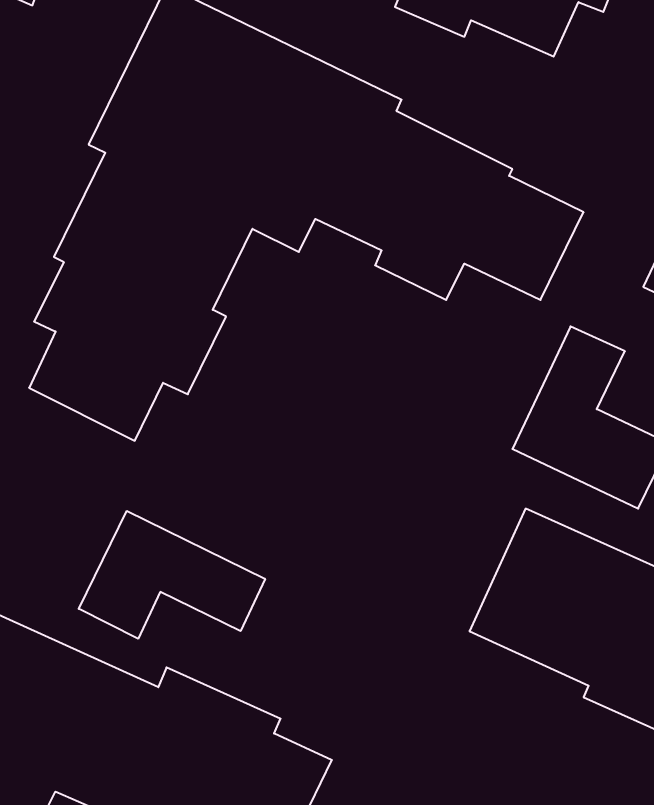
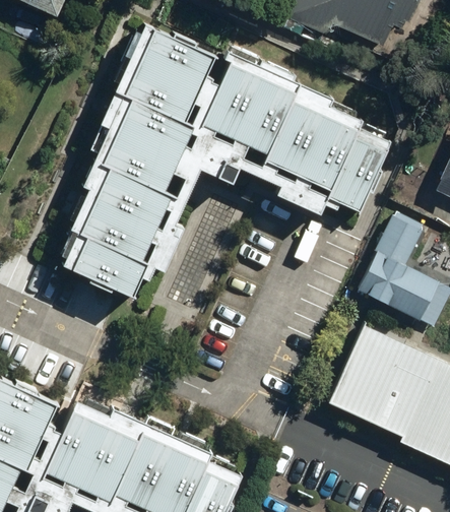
building: [79,511,265,639] -> none

